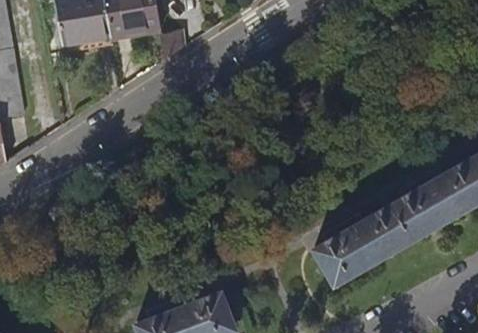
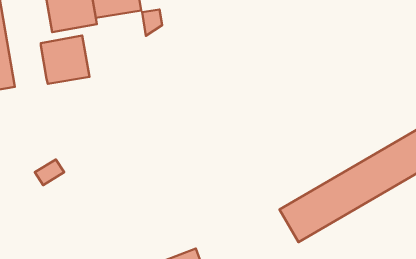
building: none -> [41,35,89,84]

